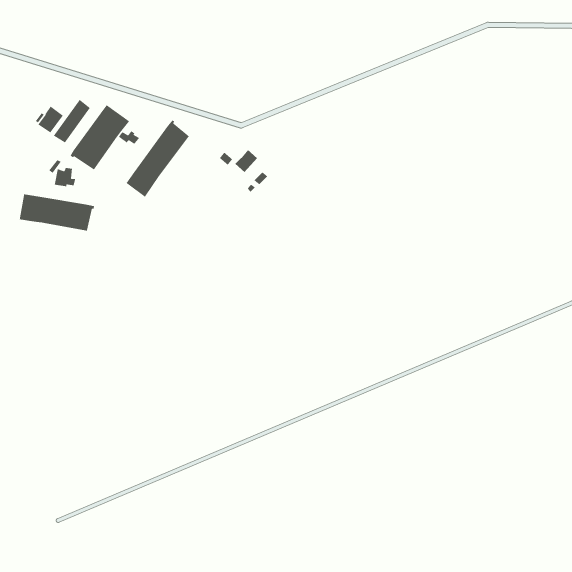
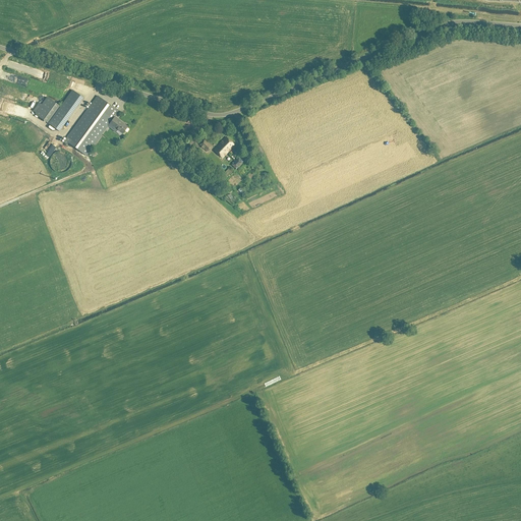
building: [126,119,190,198] -> none
building: [19,194,95,231] -> none

